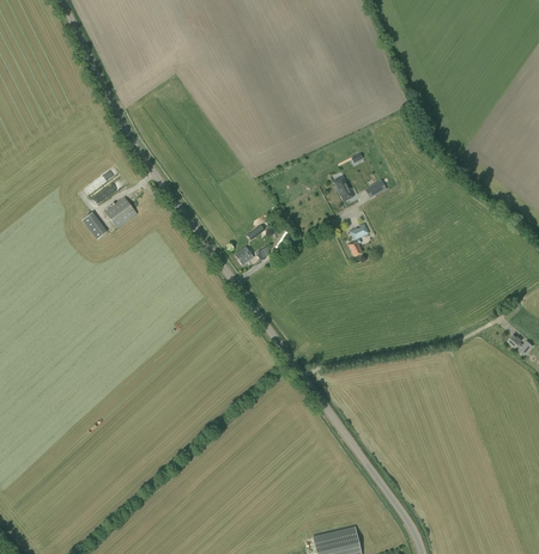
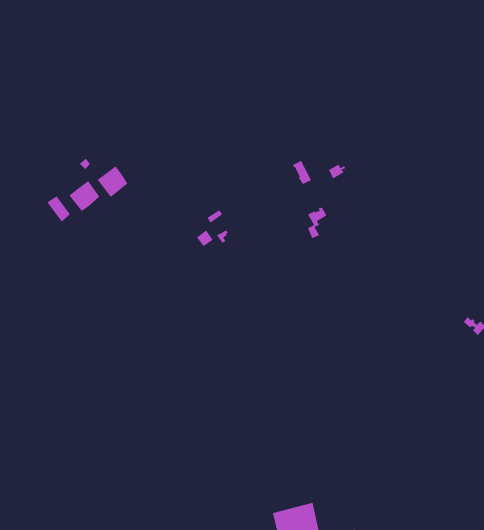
building: none -> [97,166,128,198]

